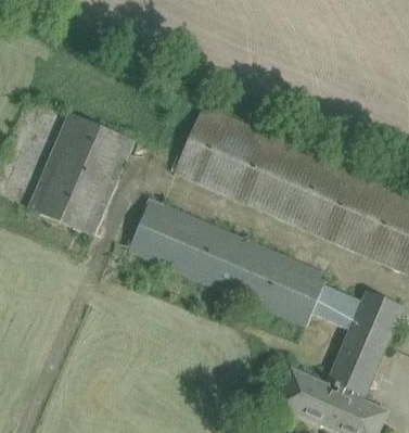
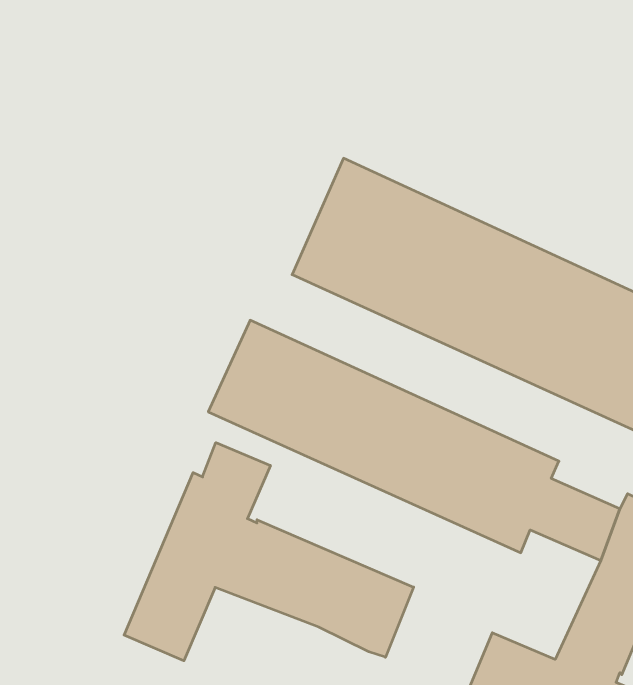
building: [26,115,132,238] -> none
building: none -> [124,443,414,661]

